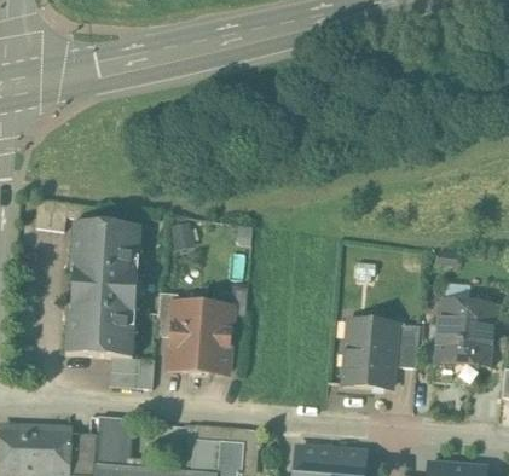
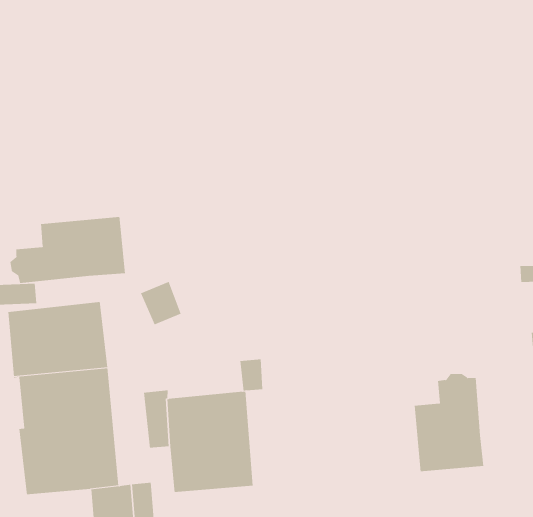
building: none -> [10,216,125,284]
building: [392,324,420,367] -> none

